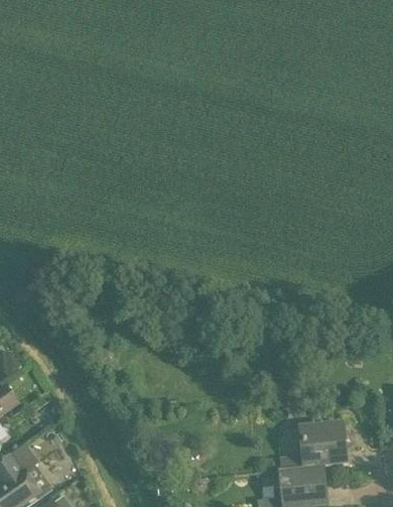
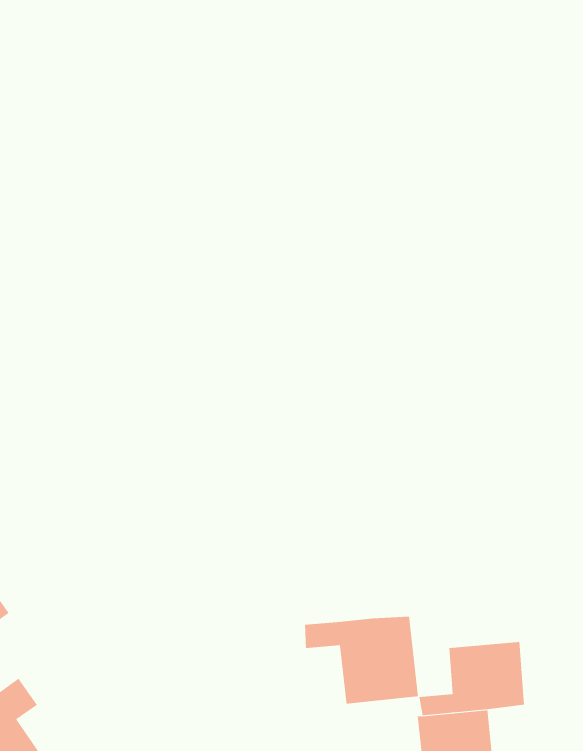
building: none -> [305,616,419,704]

